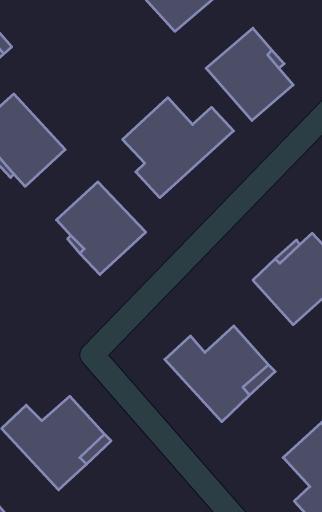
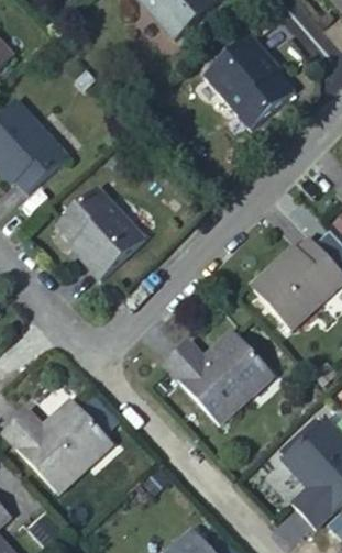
building: [123,98,234,198] -> none

